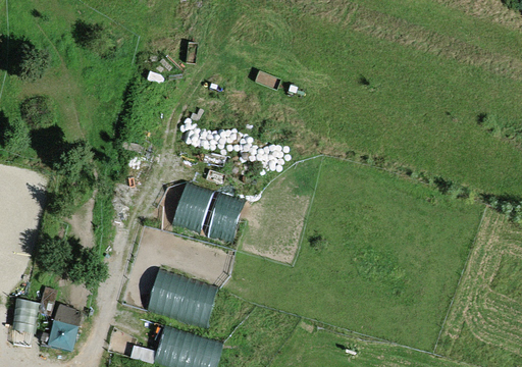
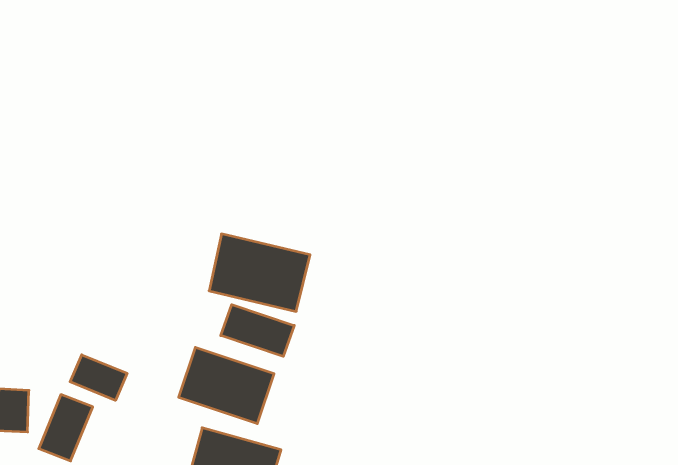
building: none -> [221,305,294,356]
building: none -> [70,355,127,400]

